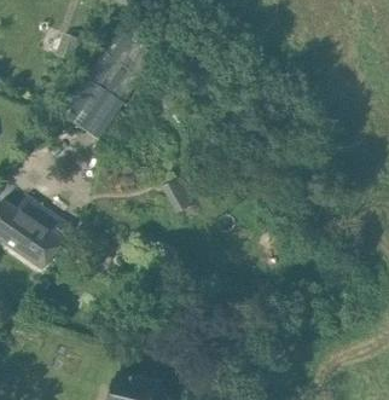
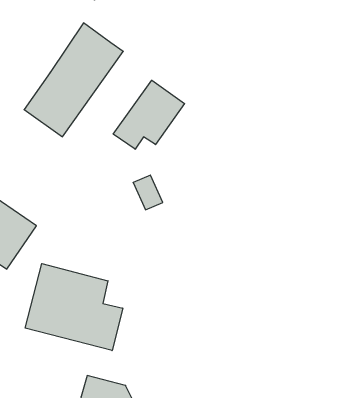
building: none -> [113,80,185,149]
building: none -> [25,264,123,351]

